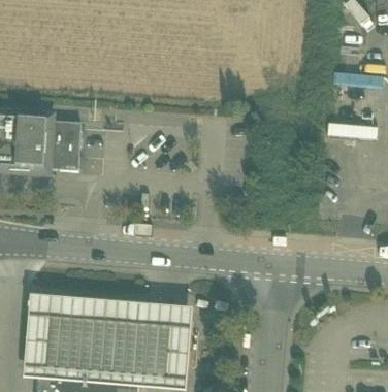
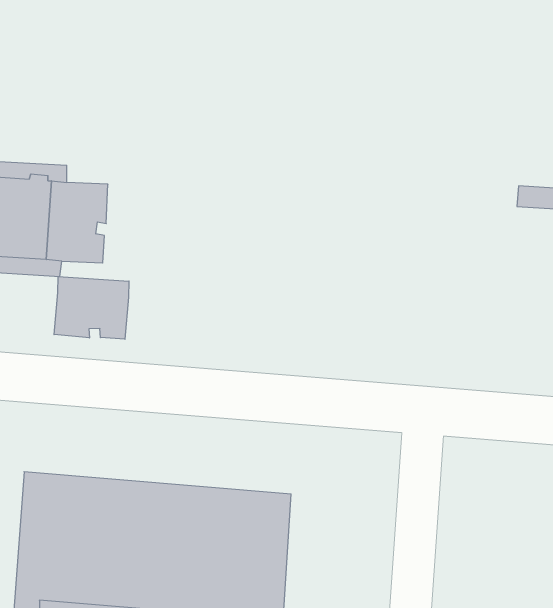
building: none -> [54,277,129,339]

